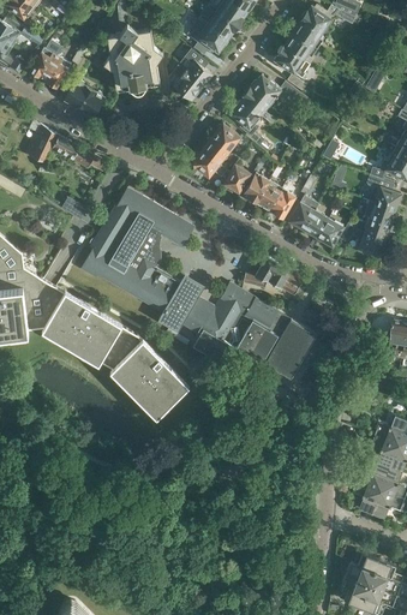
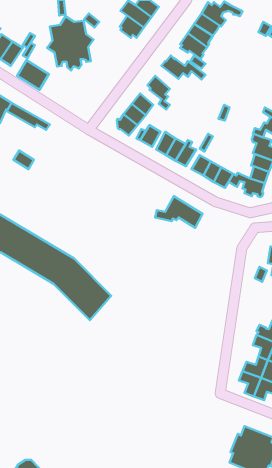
building: [173,60,213,101] -> none
building: [243,88,276,125] -> none
building: [80,189,317,378] -> none

